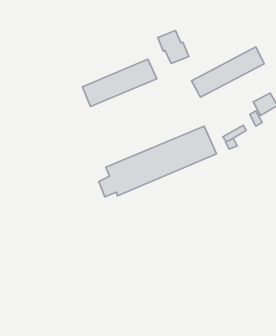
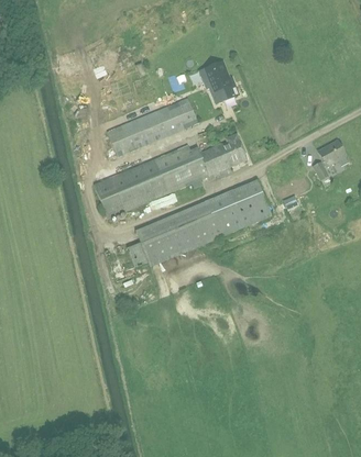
building: [192,47,264,97] -> none
building: none -> [94,134,247,218]

